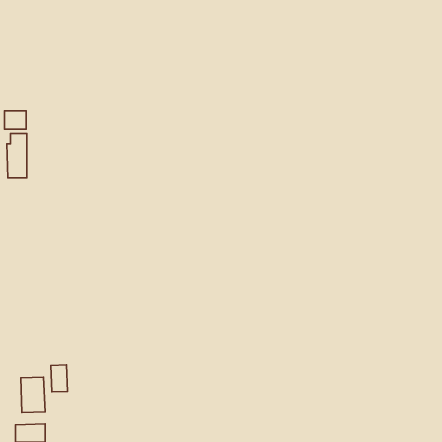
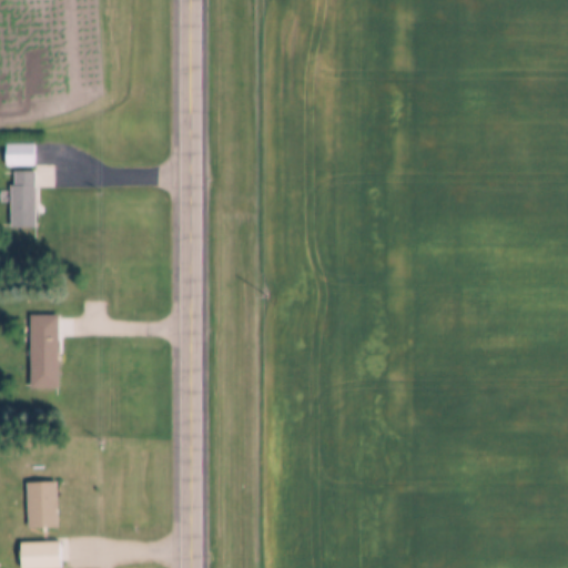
building: none -> [29,315,58,388]
building: [51,365,67,392] -> none

